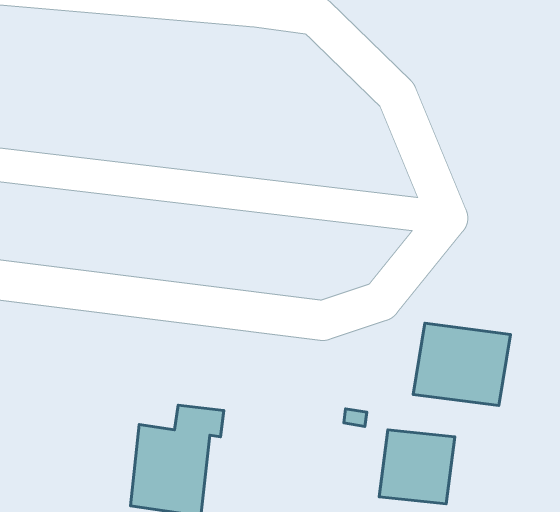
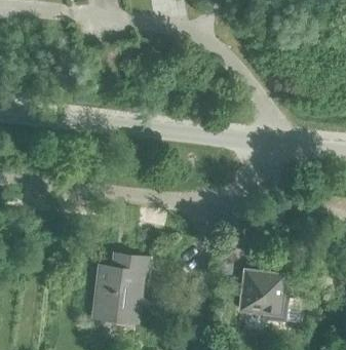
building: [413,323,510,406] -> none

